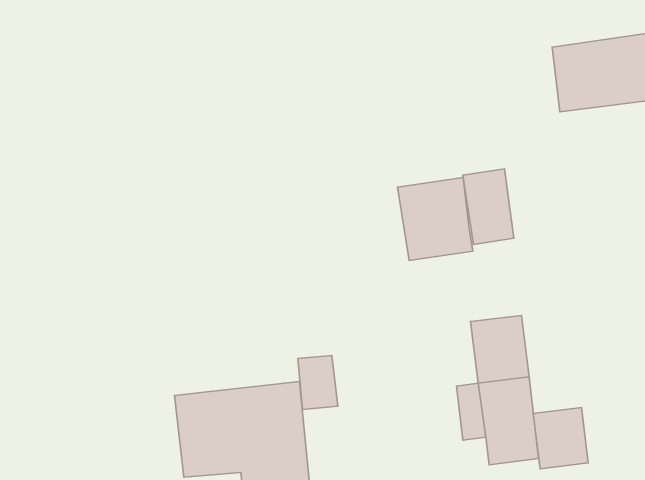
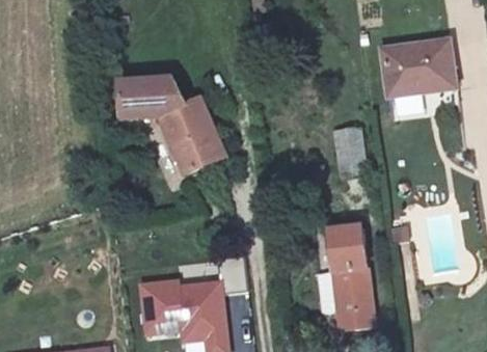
building: none -> [117,75,220,169]
building: [397,177,473,260] -> none
building: [533,408,588,469] -> none

